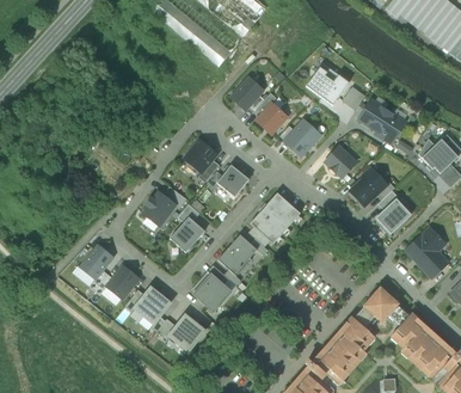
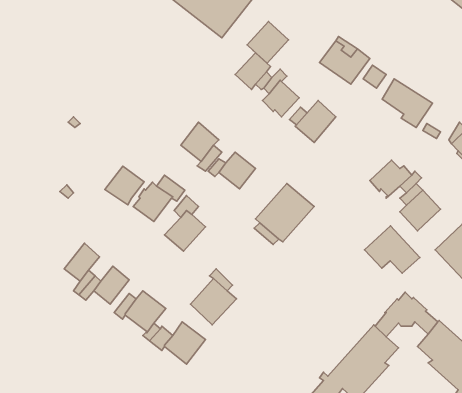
building: none -> [247,21,288,63]
building: [324,146,356,177] -> none
building: none -> [105,166,144,205]
building: none -> [365,226,420,273]
building: [216,238,254,277] -> none

